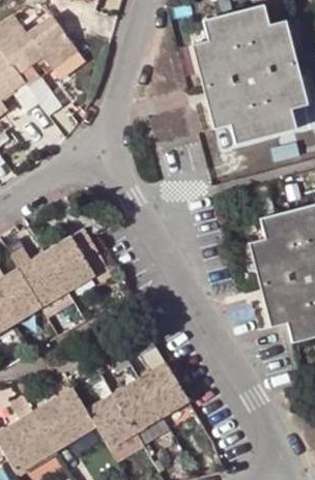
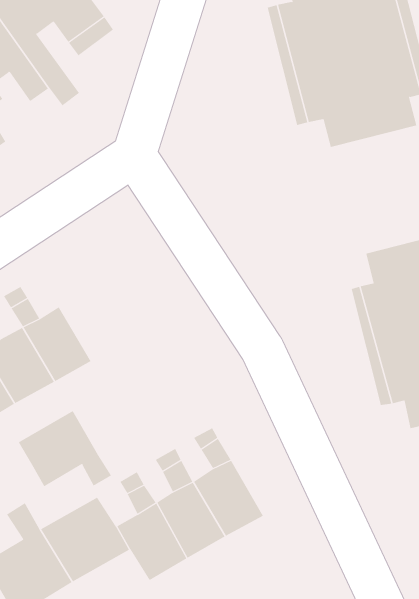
building: [46,232,105,294] -> none
building: none -> [17,410,112,487]

